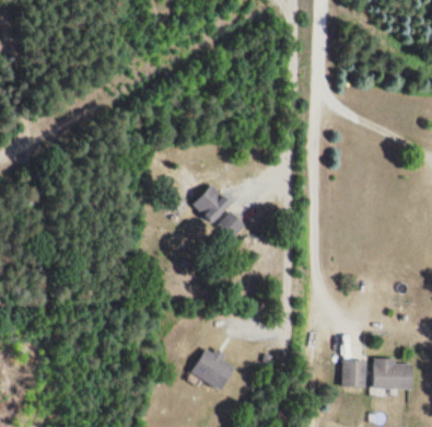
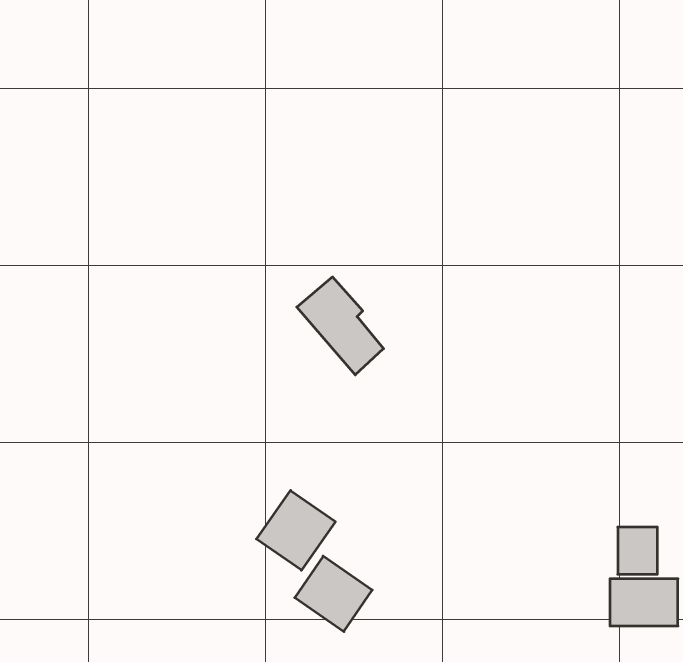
building: none -> [256,490,335,570]
building: [342,359,365,386] -> [618,527,657,574]

